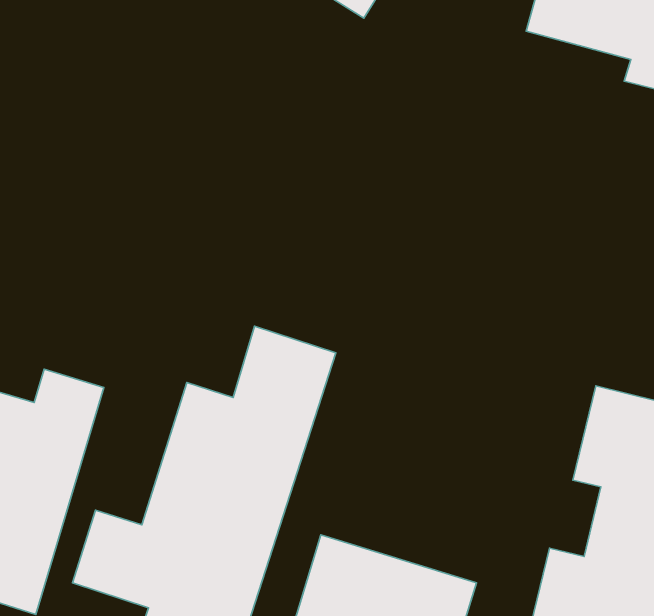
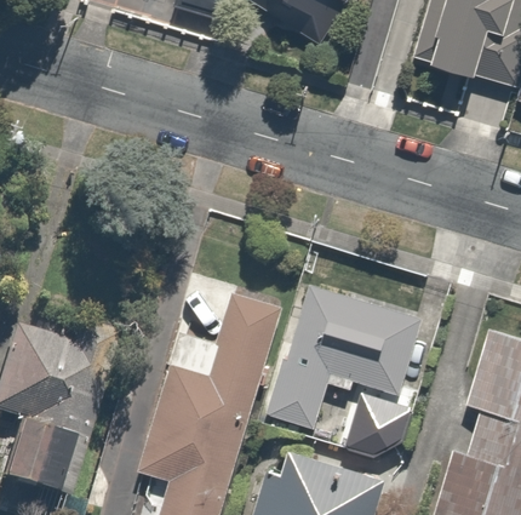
building: none -> [264,279,418,429]
building: none -> [342,396,405,464]

